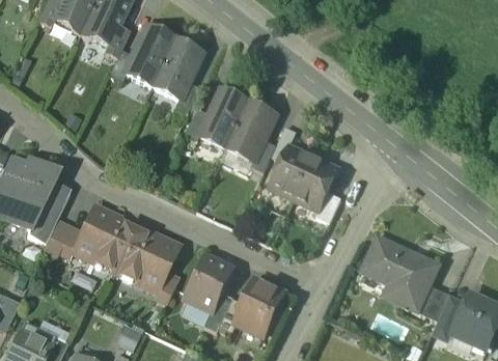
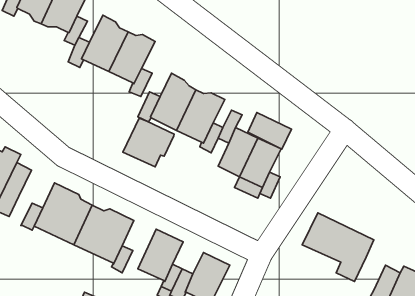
building: none -> [248,113,291,149]
building: none -> [123,118,174,167]
building: [42,218,71,256] -> none
building: [416,283,448,318] -> none

